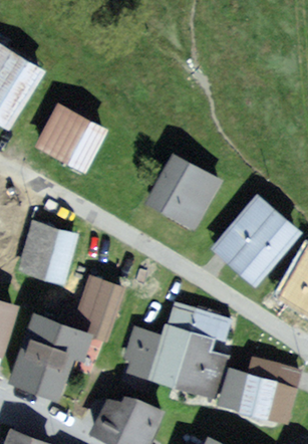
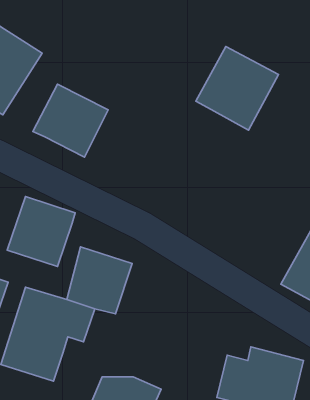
building: [144,151,225,232] -> [196,47,278,130]
building: [214,195,300,282] -> none
building: [117,309,229,405] -> none

